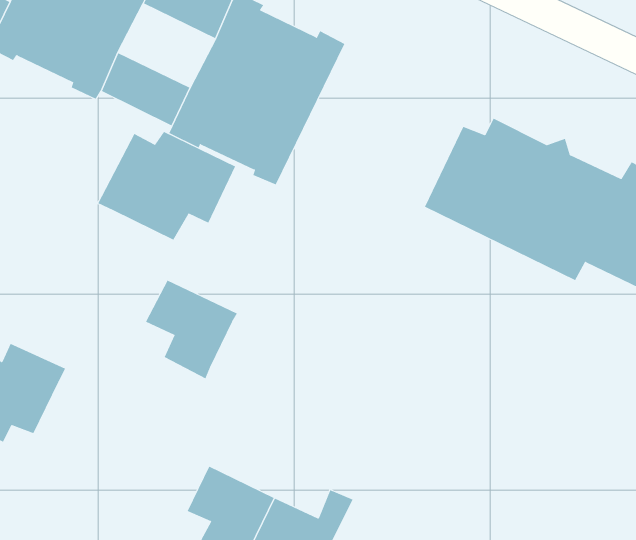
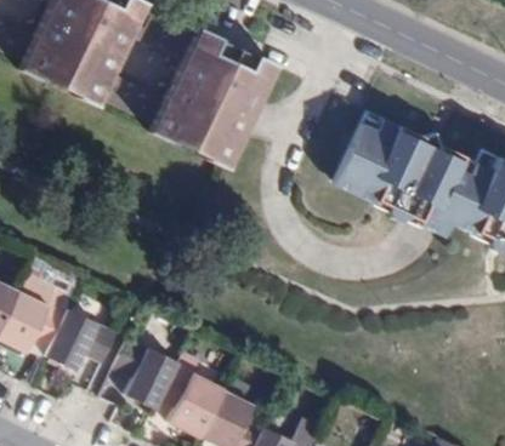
building: [98,131,236,240] -> none
building: [145,280,238,379] -> [112,337,178,408]
building: none -> [45,307,115,368]

